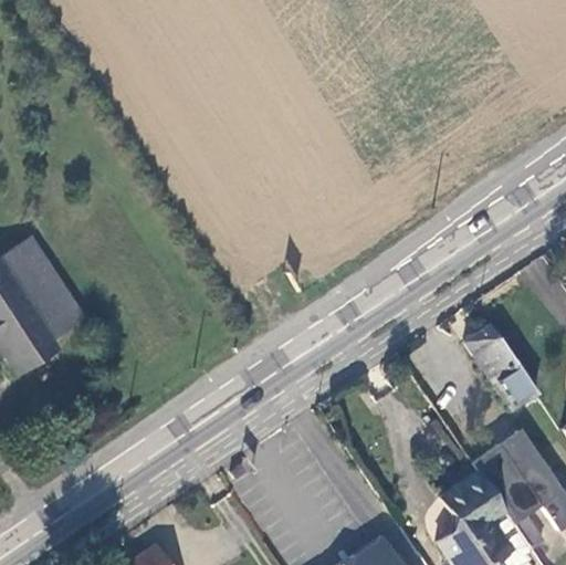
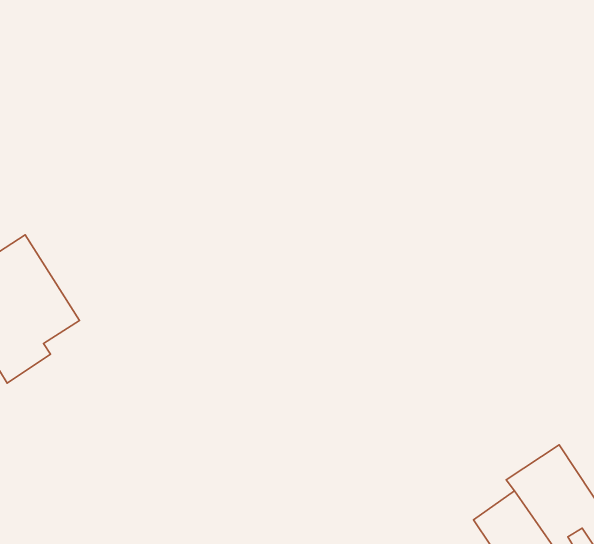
building: [465,324,537,409] -> none

